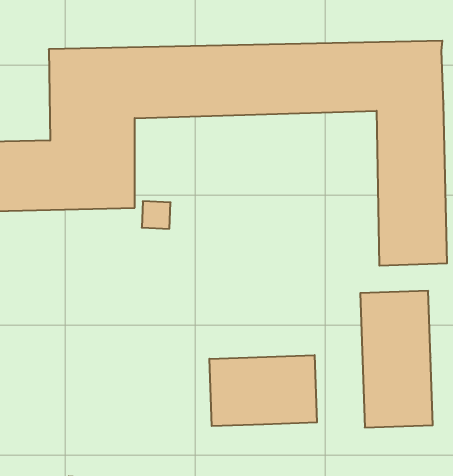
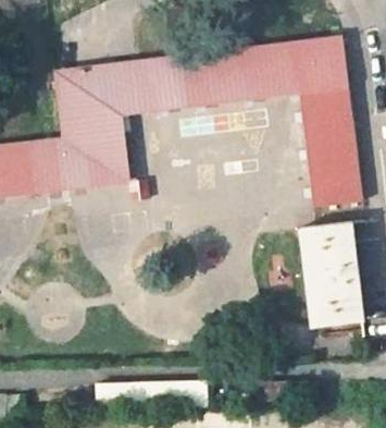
building: [209,355,317,426] -> none

